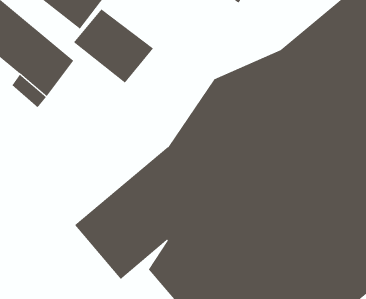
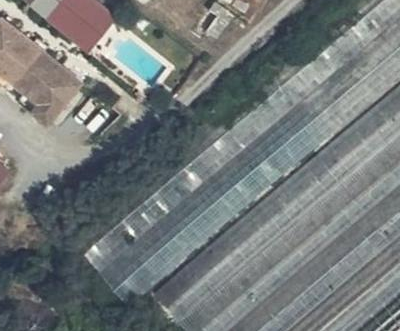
building: [73,8,154,84] -> none

